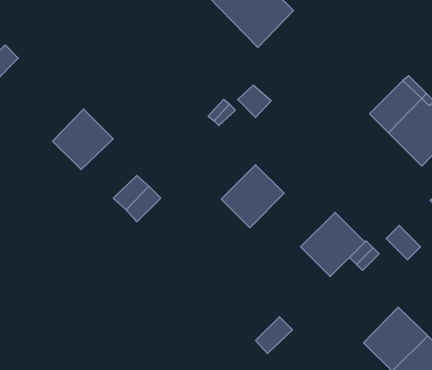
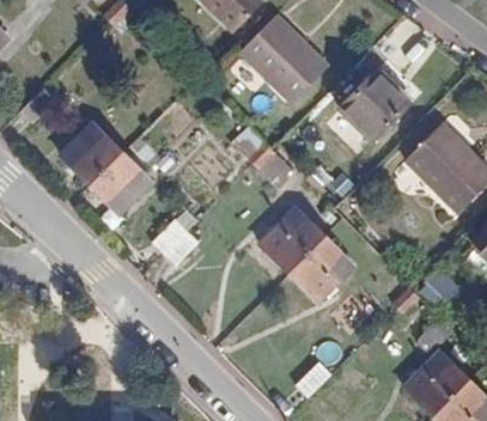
building: none -> [336,71,409,144]
building: none -> [59,123,120,185]
building: [301,212,365,277] -> [287,238,352,303]

